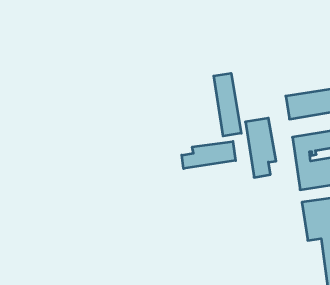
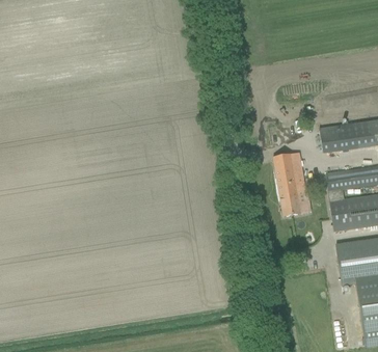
building: [214,73,241,136] -> none
building: [182,141,236,169] -> none

